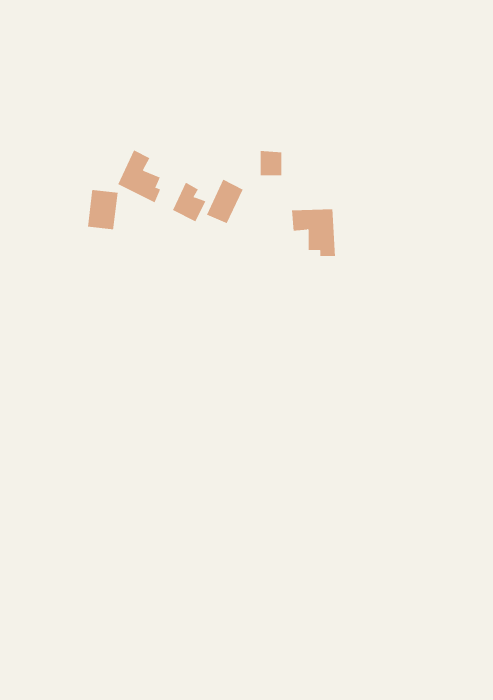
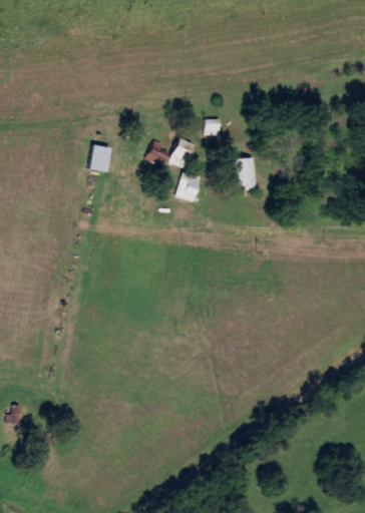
building: [117,149,161,203] -> none
building: none -> [176,171,201,201]

